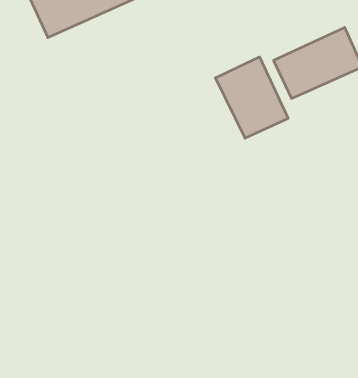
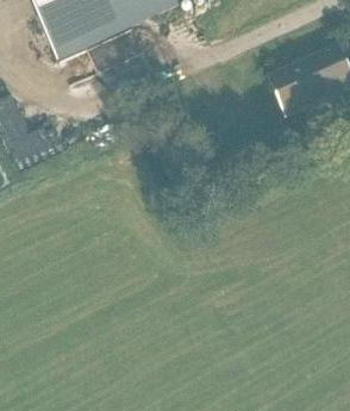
building: [215,57,288,138] -> none

